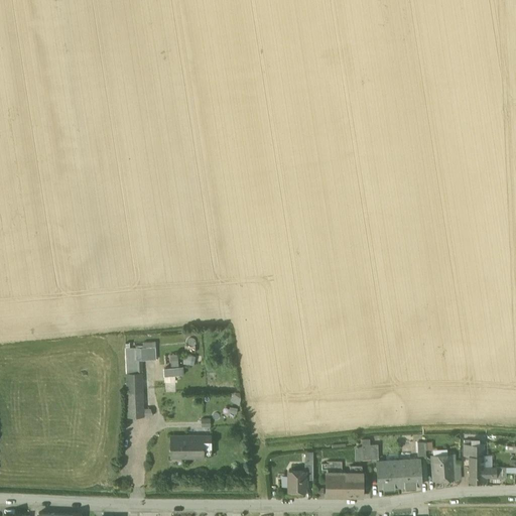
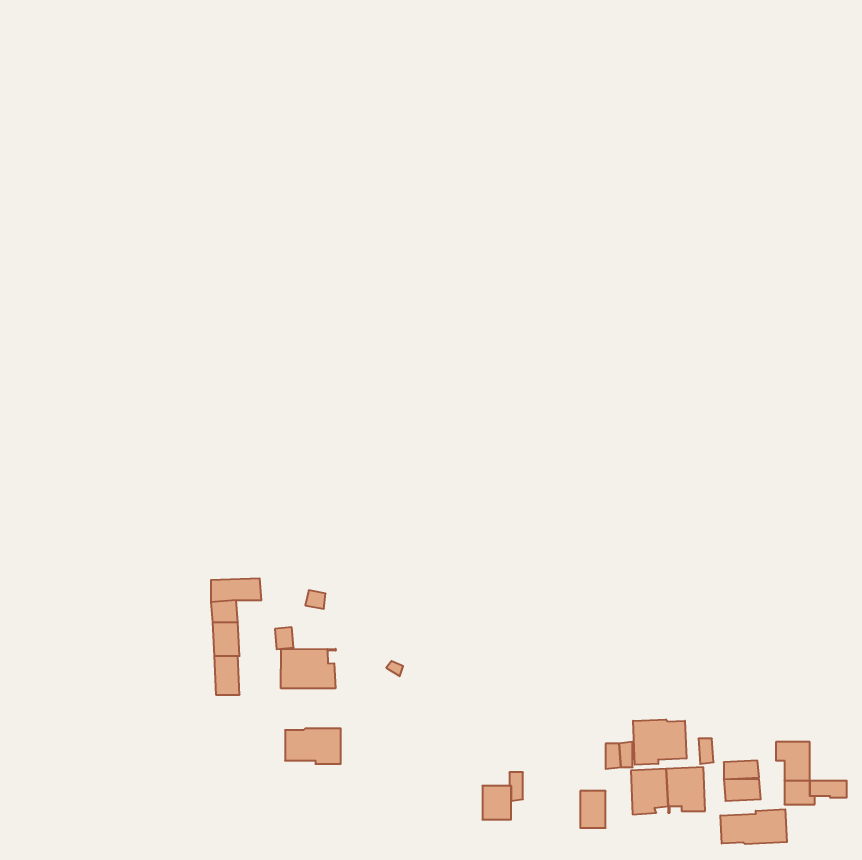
building: none -> [281,649,336,688]
building: none -> [633,719,686,765]
building: [327,472,347,495] -> none
building: none -> [720,809,787,844]

